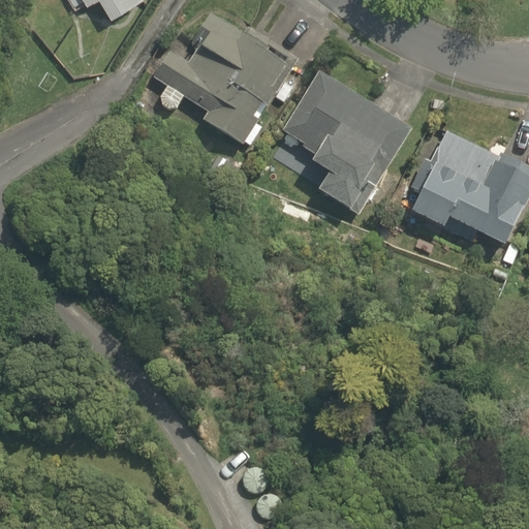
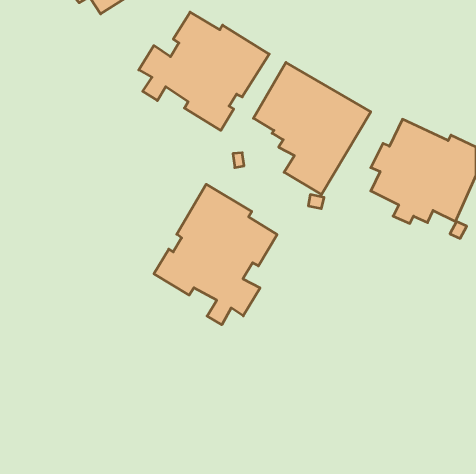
building: none -> [154,184,277,325]

